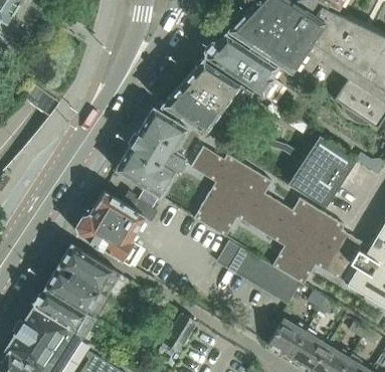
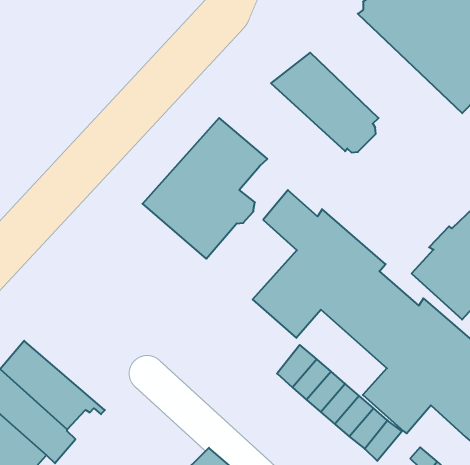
building: [203,33,278,99] -> none
building: [160,82,234,142] -> none
building: [75,191,157,265] -> none
building: [56,244,120,303] -> none

